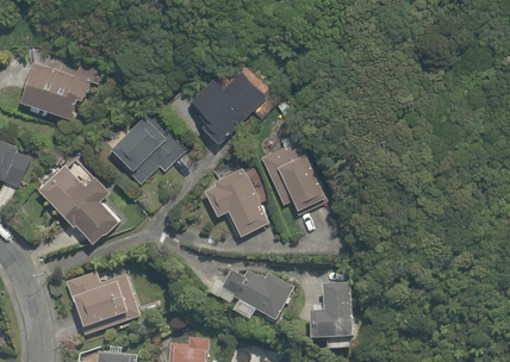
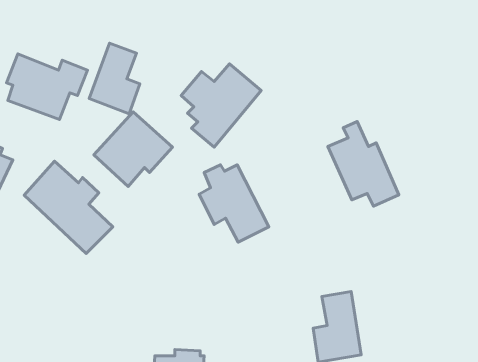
building: none -> [89,43,140,114]
building: [257,129,324,208] -> [328,121,399,206]
building: [212,262,291,322] -> none
building: [62,270,139,337] -> none

